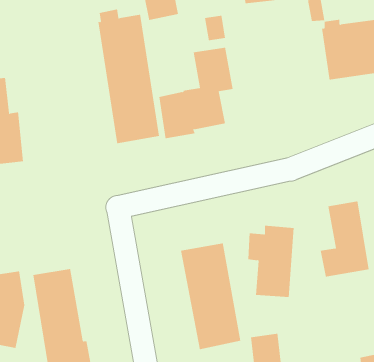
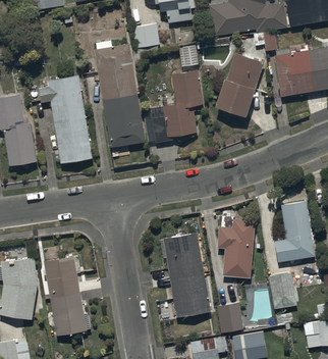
building: none -> [215,56,263,122]
building: none -> [39,78,93,166]
building: none -> [267,267,295,305]

